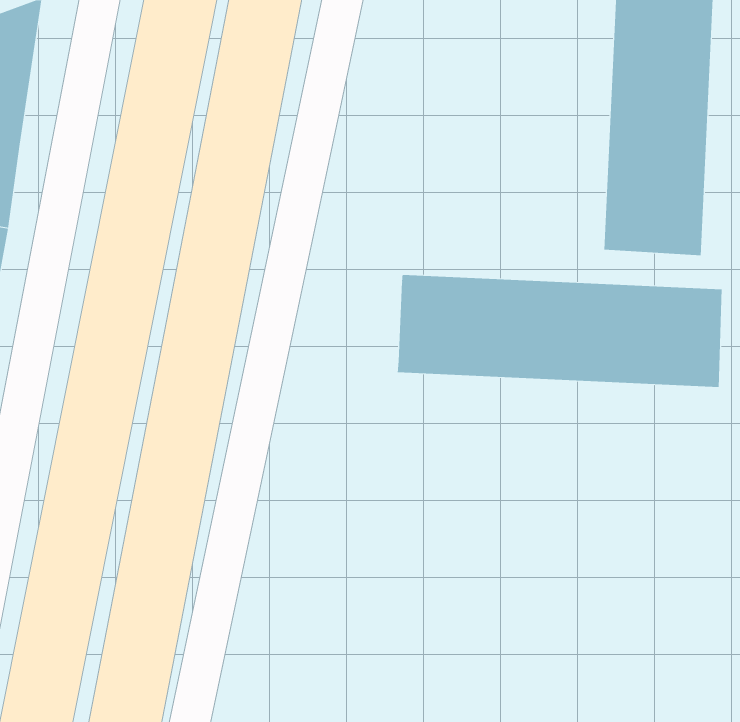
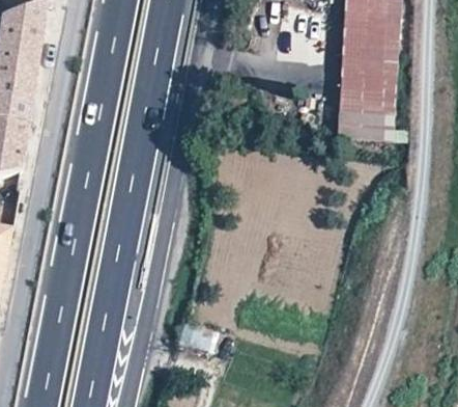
building: [397,274,722,388] -> none

